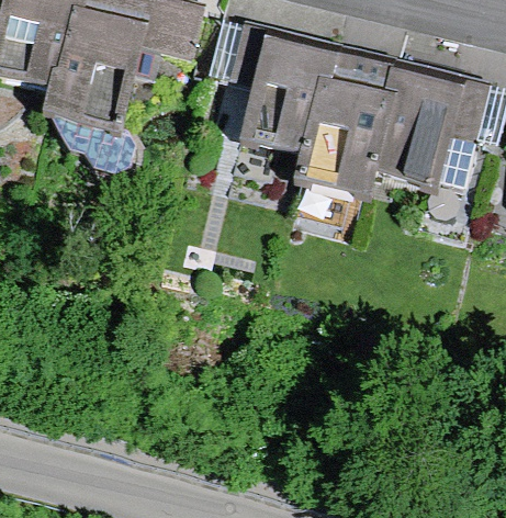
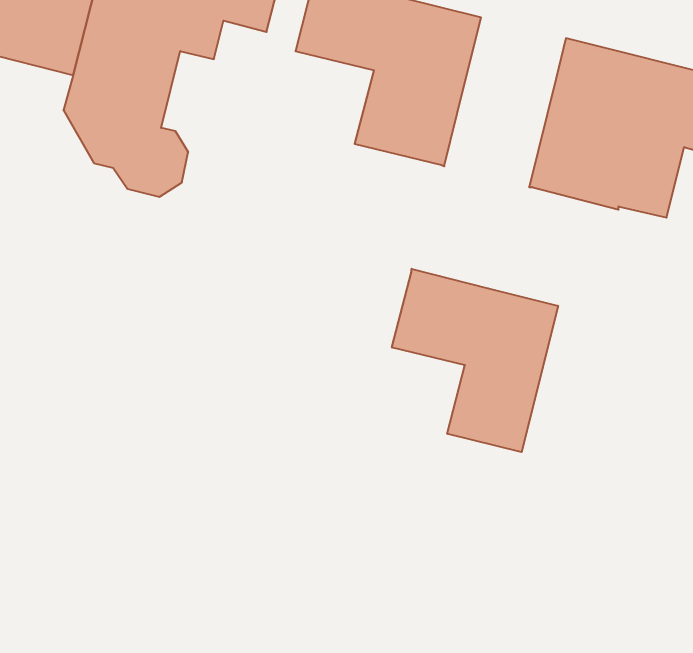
building: [300,83,385,191] -> none
building: none -> [392,269,558,452]

